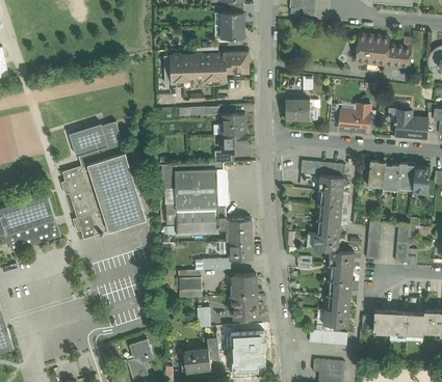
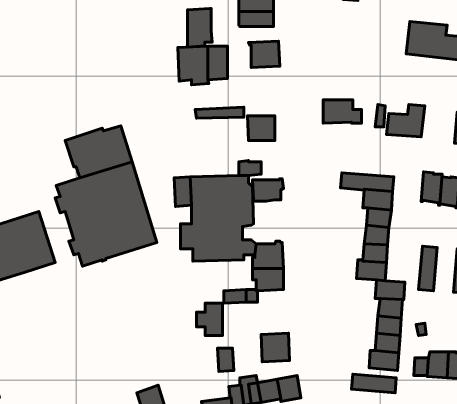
building: [205,54,226,86] -> [187,9,212,47]
building: [222,133,248,152] -> [252,179,283,201]
building: [229,274,256,296] -> none

